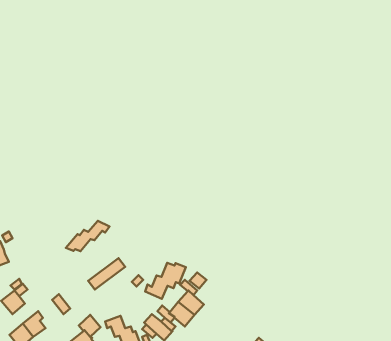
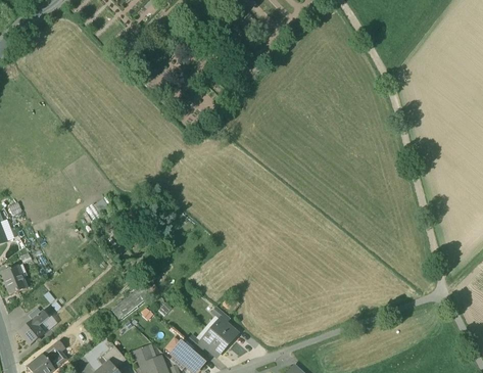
building: [66,221,110,251] -> none
building: [145,263,186,299] -> none

